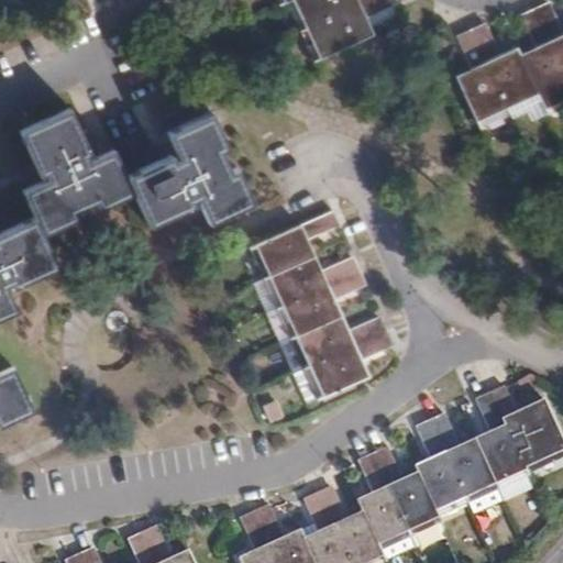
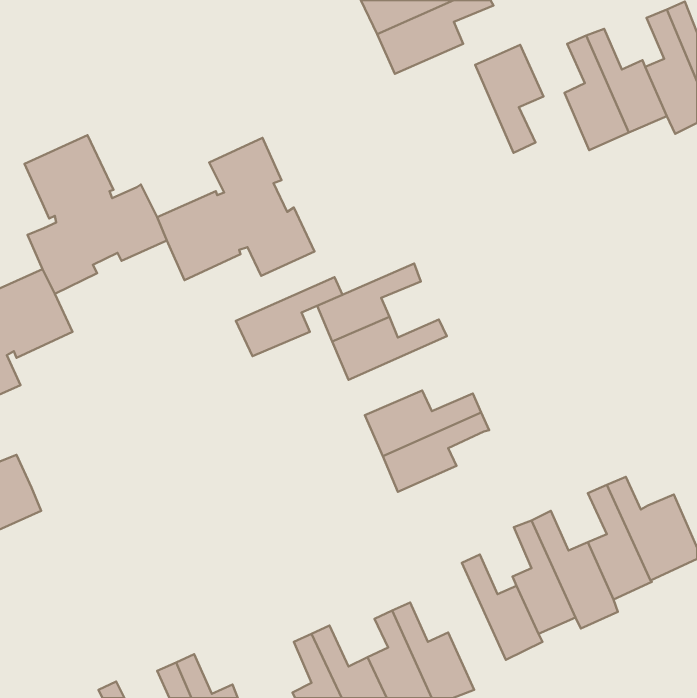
building: none -> [475,45,543,153]
building: [280,271,366,334] -> [236,277,343,356]
building: [355,453,411,555] -> none

